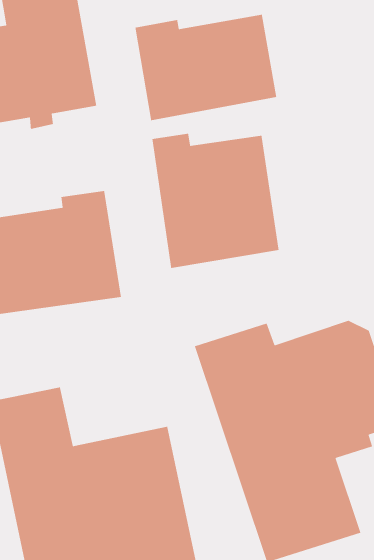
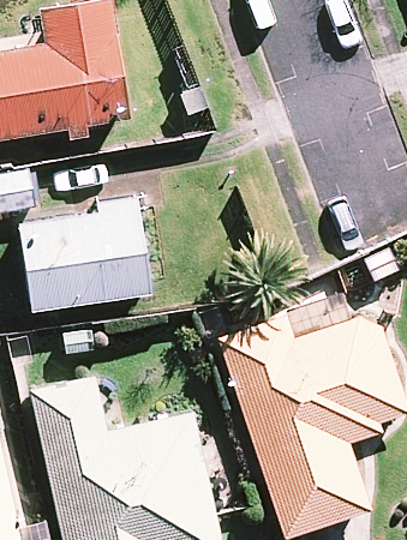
building: [135,14,277,121] -> none
building: [152,133,280,269] -> none

